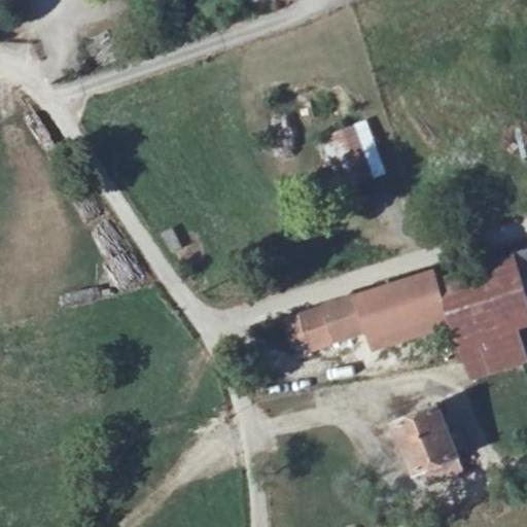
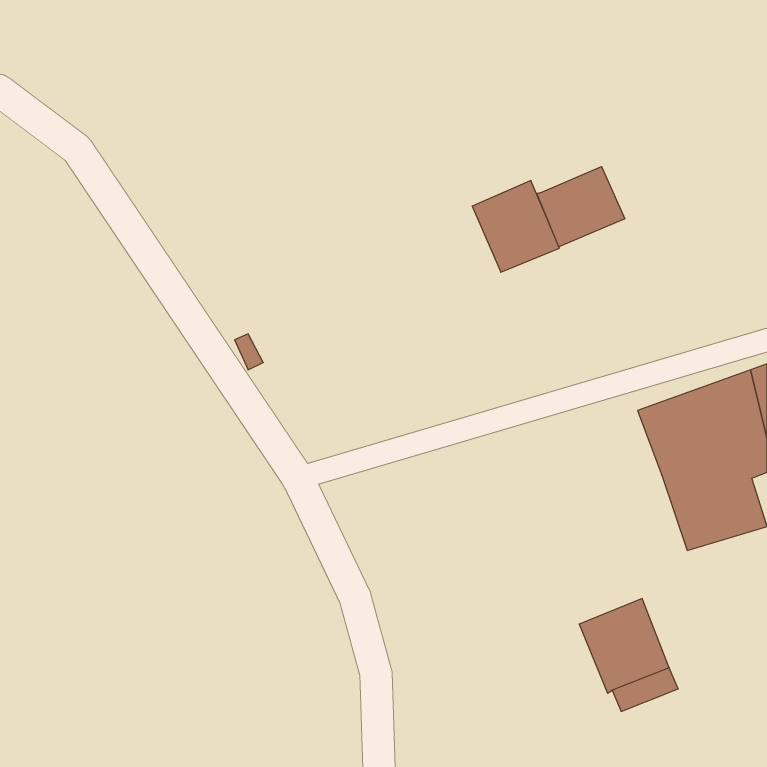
building: none -> [537,167,625,247]
building: [282,274,453,348] -> none

